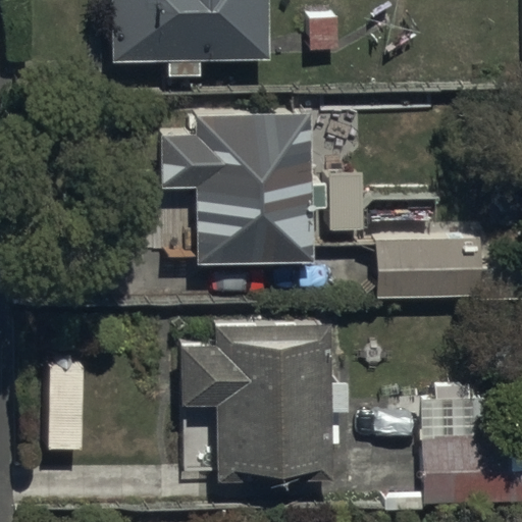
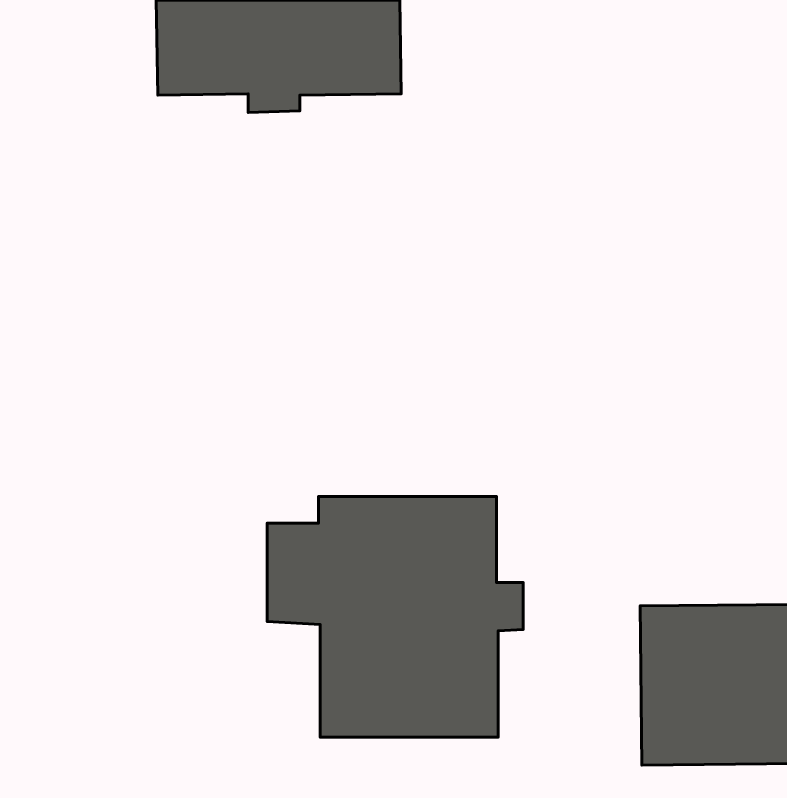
building: [155,110,328,263] -> none
building: [379,238,481,295] -> none

